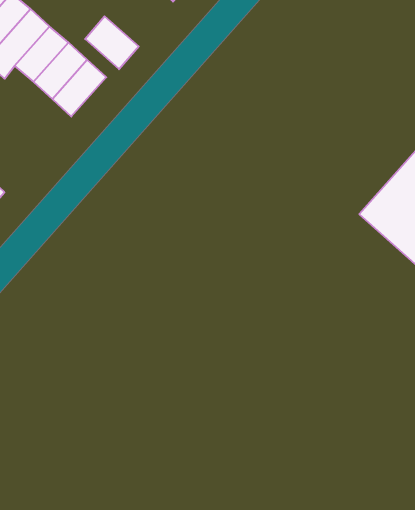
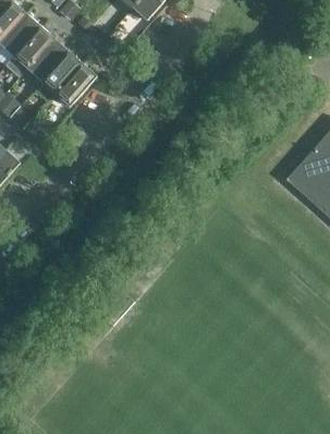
building: [85,16,139,69] -> none

